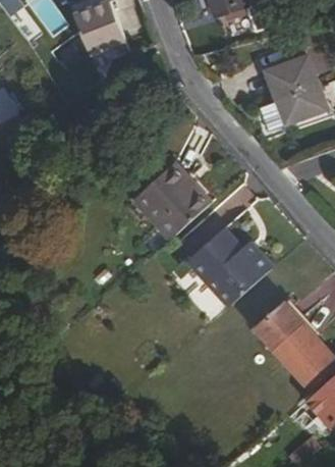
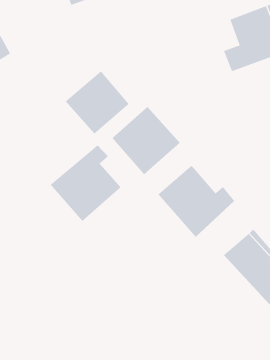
building: none -> [65,71,129,135]
building: none -> [50,145,121,222]

